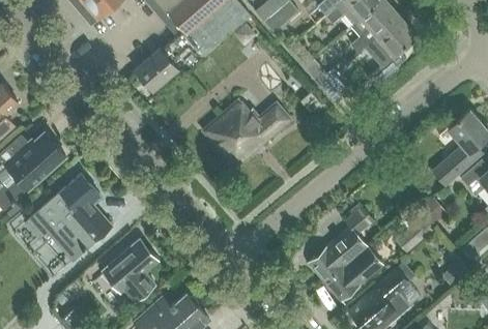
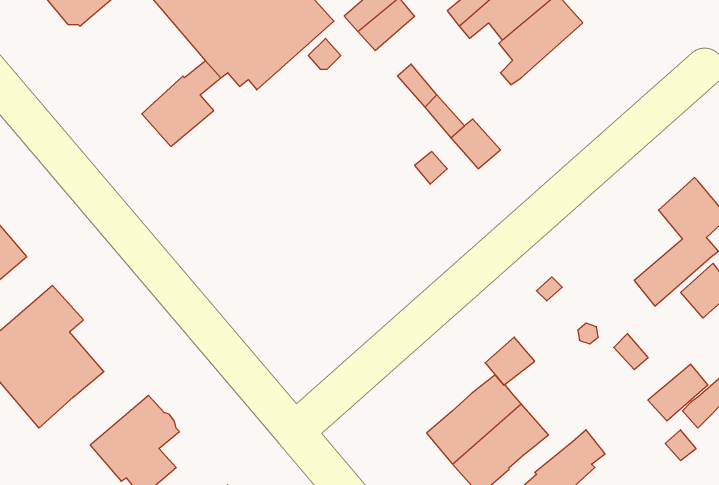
building: [364,16,418,57] -> none
building: [203,99,291,168] -> none
building: [394,217,430,251] -> [648,364,708,421]

